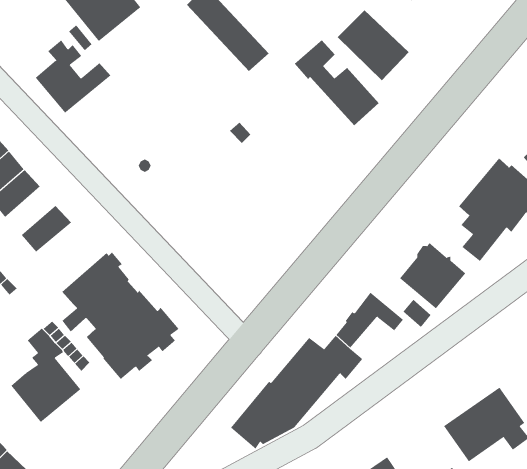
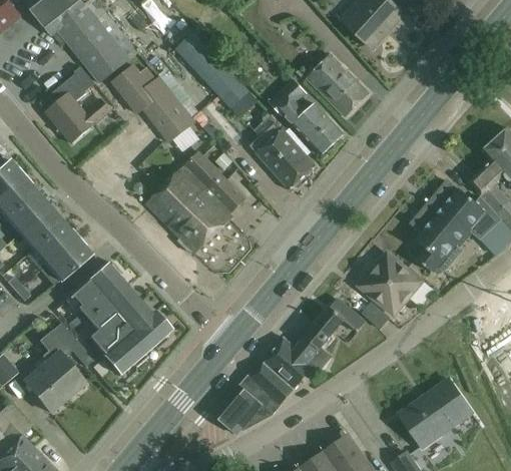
building: none -> [112,64,194,141]
building: none -> [249,122,315,189]
building: none -> [146,151,245,253]
building: none -> [19,206,63,249]
building: none -> [46,238,91,280]

